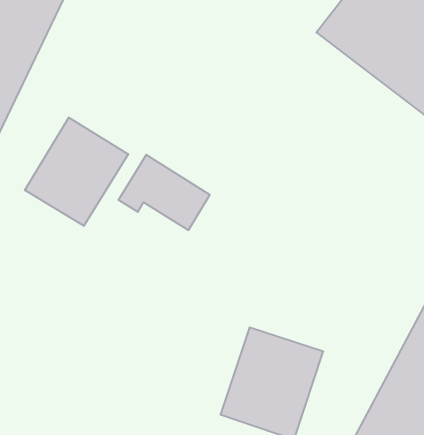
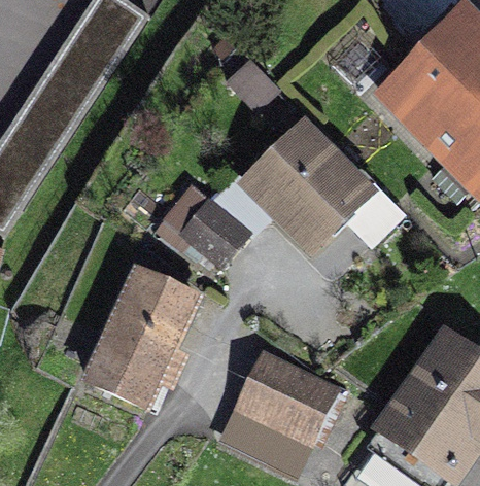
building: none -> [255,123,364,241]
building: [25,117,128,226] -> none
building: none -> [85,270,194,404]

